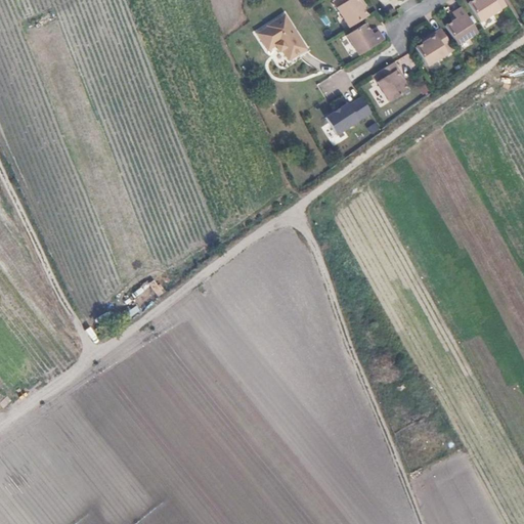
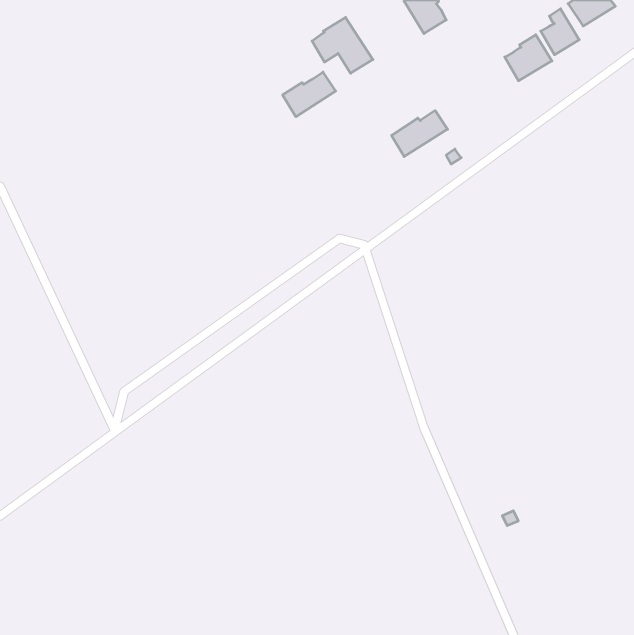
building: [347,24,385,55] -> none
building: none -> [283,72,336,117]
building: [374,62,409,102] -> none

